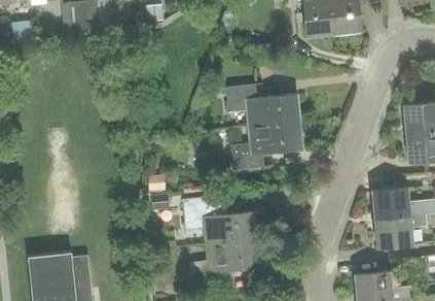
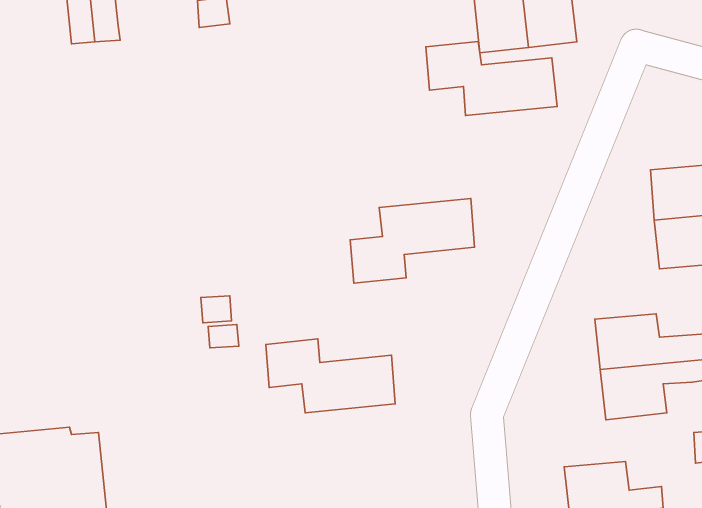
building: [225,83,300,126] -> [426,42,557,115]
building: [189,238,260,287] -> none

